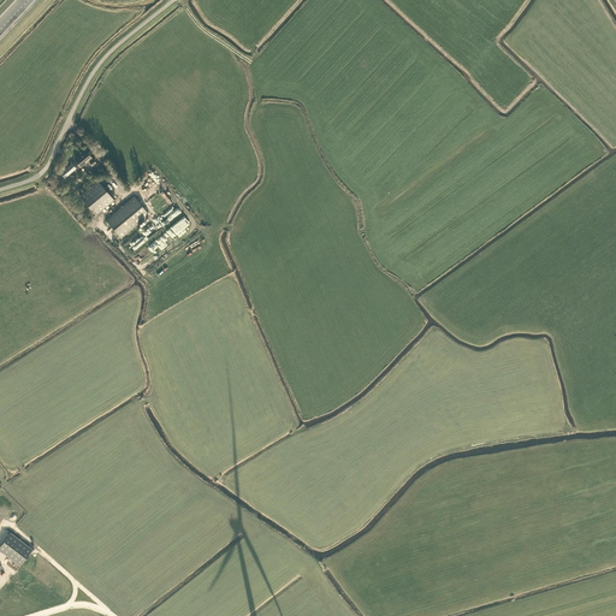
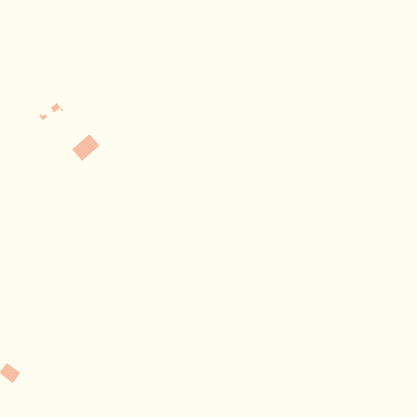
building: [78,182,112,215] -> none

